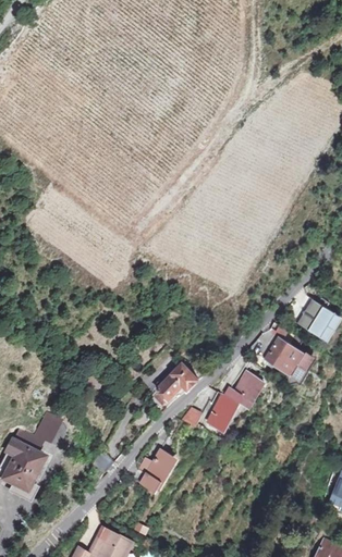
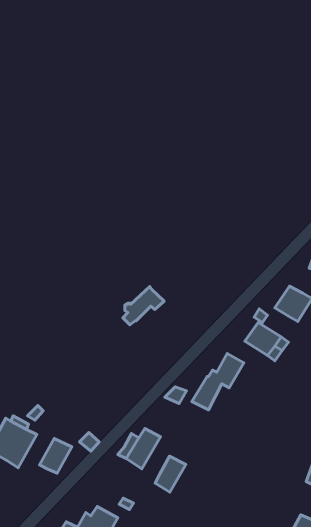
building: [155,363,198,404] -> [123,286,164,325]
building: none -> [39,439,72,473]
building: none -> [155,456,186,492]

